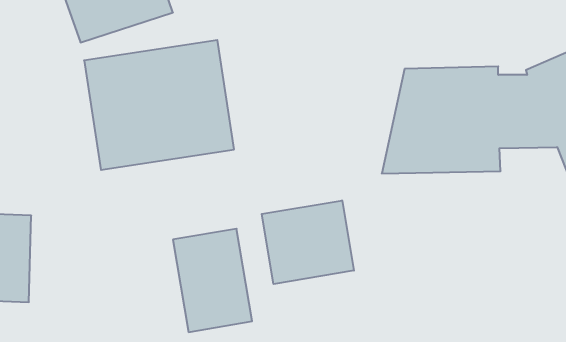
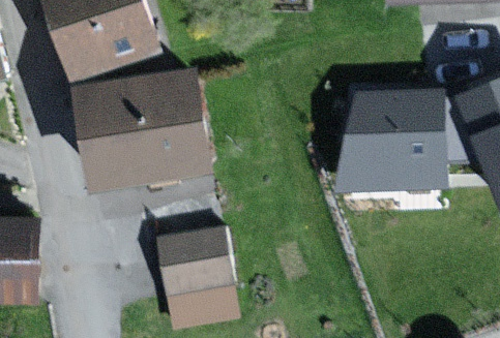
building: [262,200,354,284] -> none

